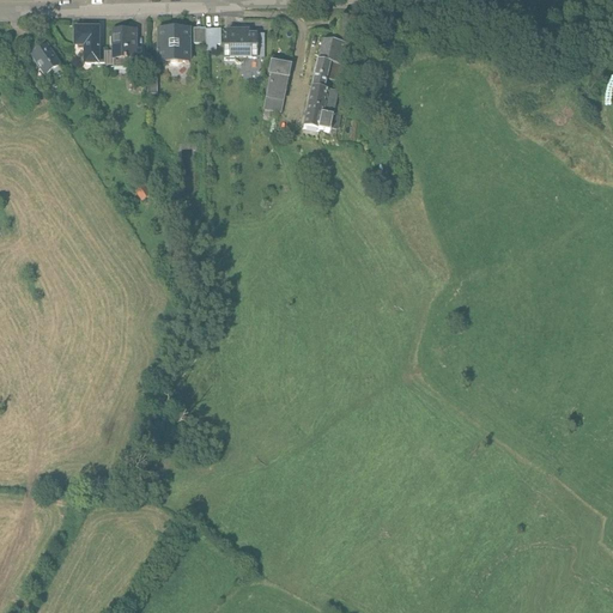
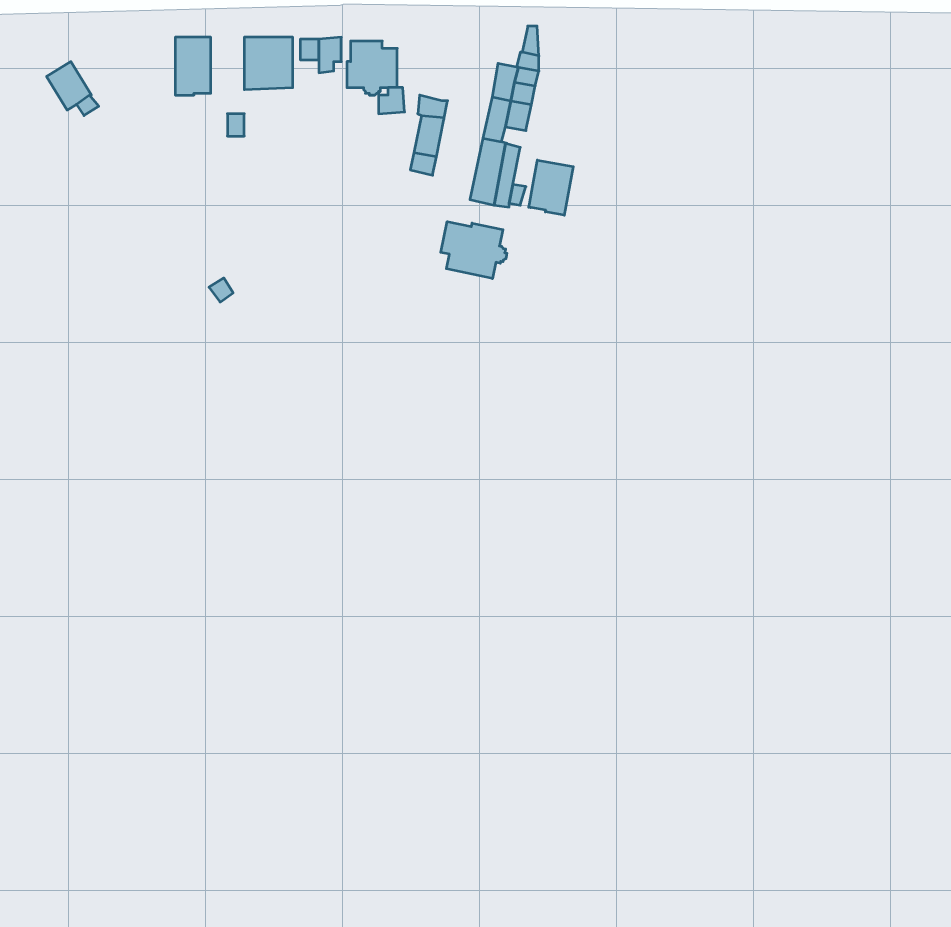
building: [75,24,98,57] -> none
building: none -> [529,160,573,215]
building: none -> [441,222,507,279]

